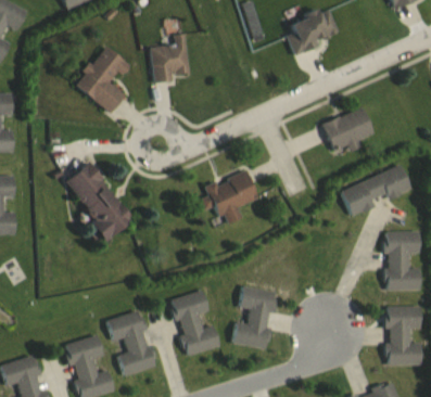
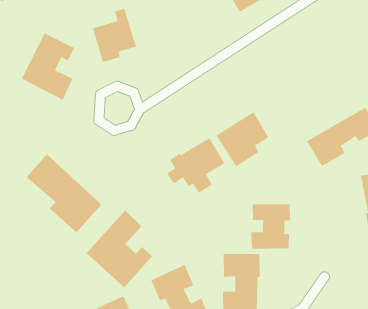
building: [324,106,375,157] -> [216,111,269,167]
building: none -> [86,209,153,288]
building: none -> [251,204,291,250]

